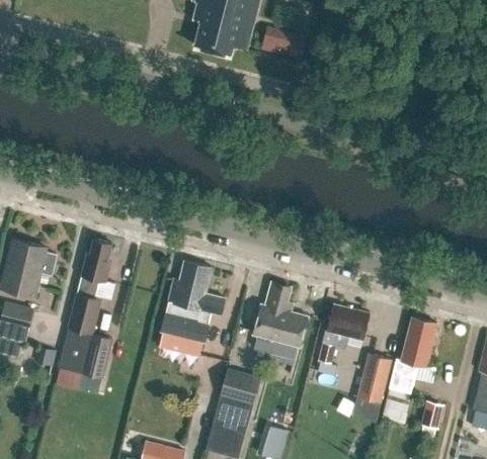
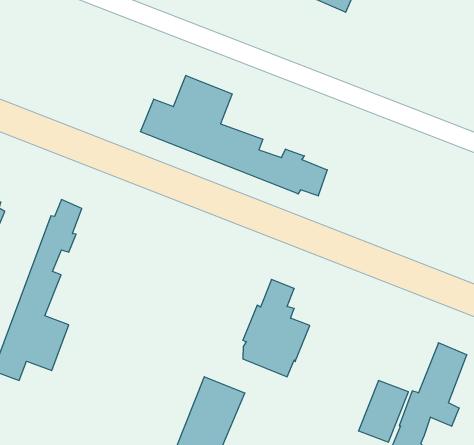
building: none -> [141,75,327,196]
building: [159,261,225,355] -> none
building: [317,304,370,375] -> none

